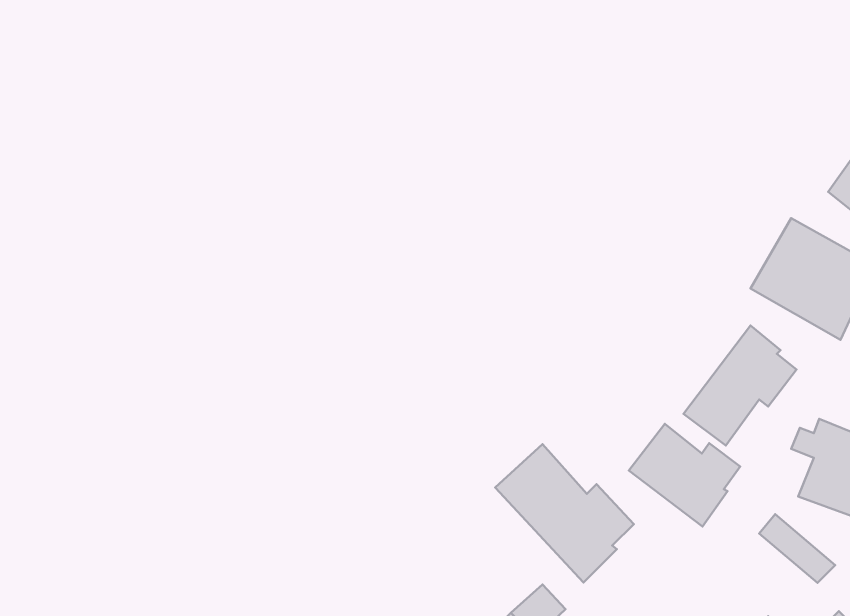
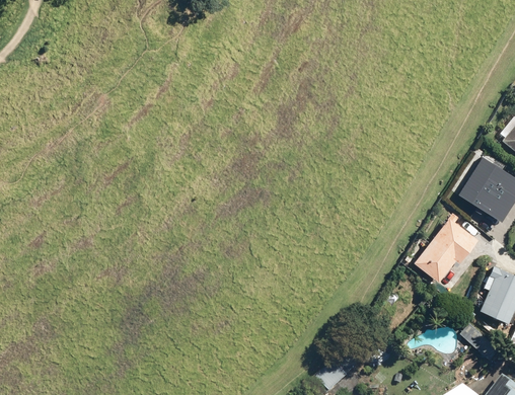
building: [629,424,740,526] -> none
building: [495,444,634,583] -> none

